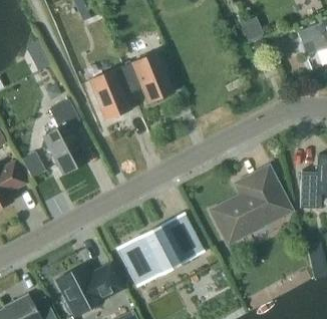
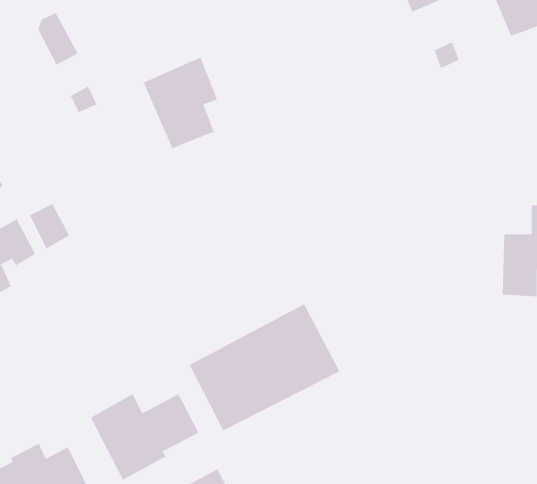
building: [122,52,174,103] -> none
building: [41,99,85,171] -> none
building: [213,169,288,241] -> none

